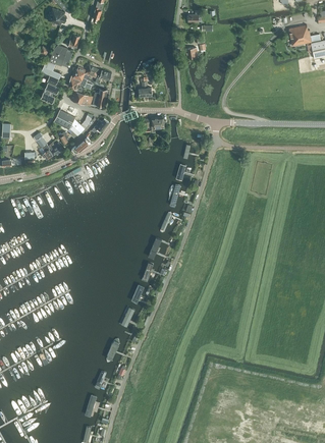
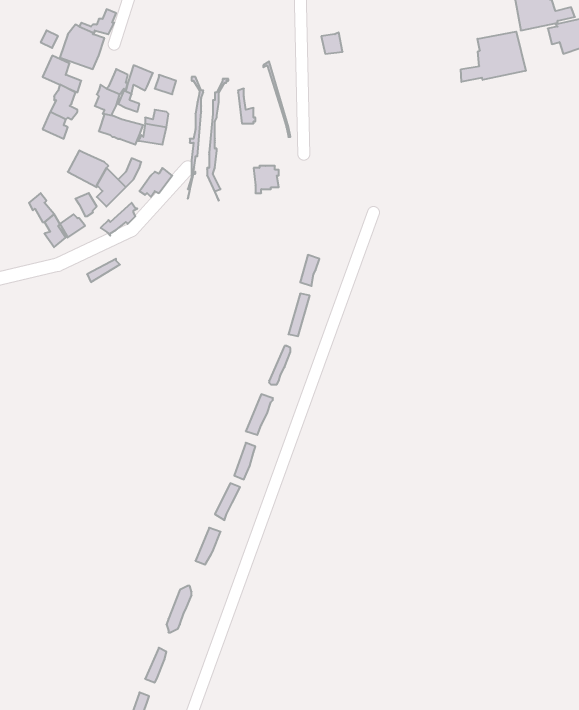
building: none -> [461,32,526,82]

